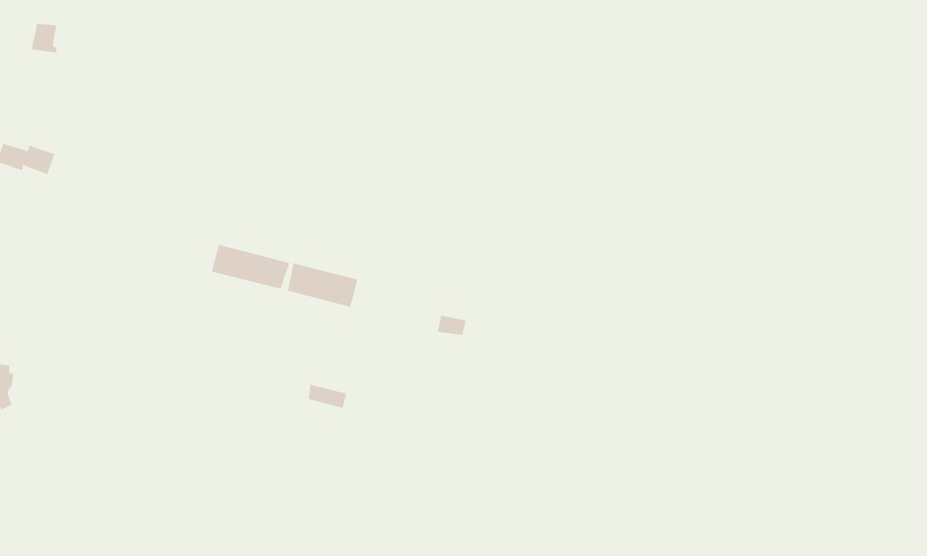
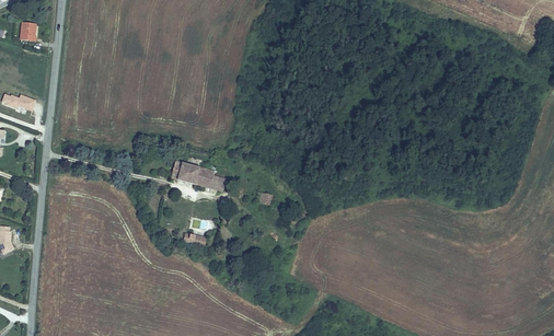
building: [211,244,290,290] -> none

